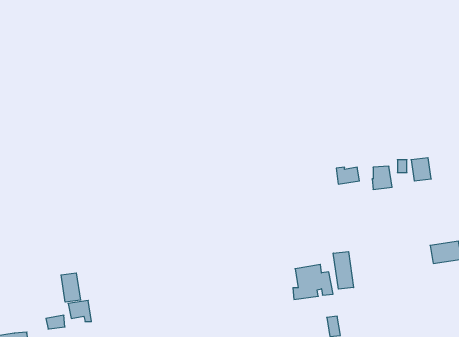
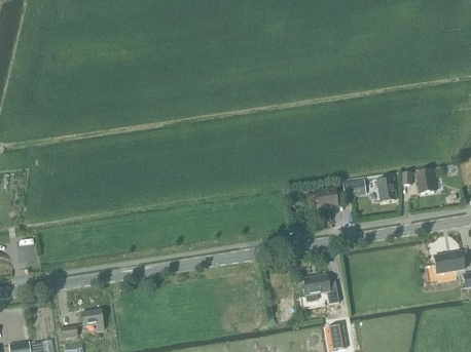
building: none -> [315,188,337,208]
building: [333,252,354,289] -> none
building: [61,273,81,302] -> none

